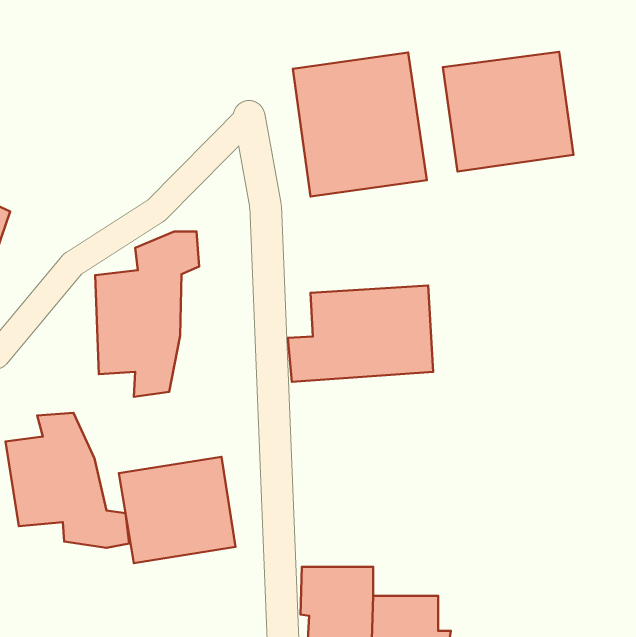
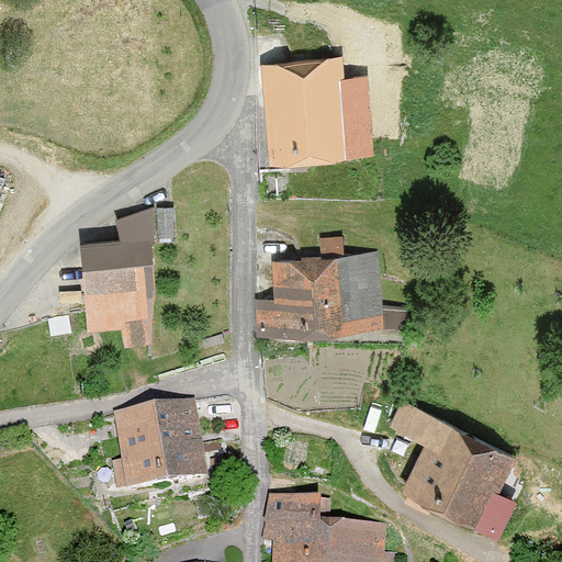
building: [443,52,573,171] -> none
building: [6,413,129,548] -> none
building: none -> [387,401,521,539]

